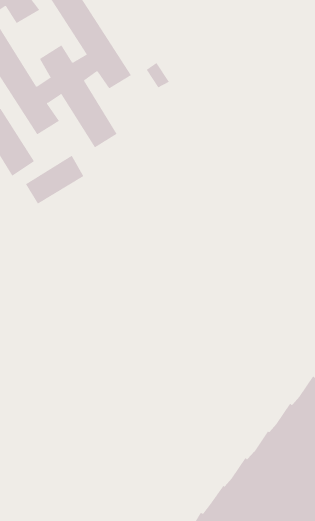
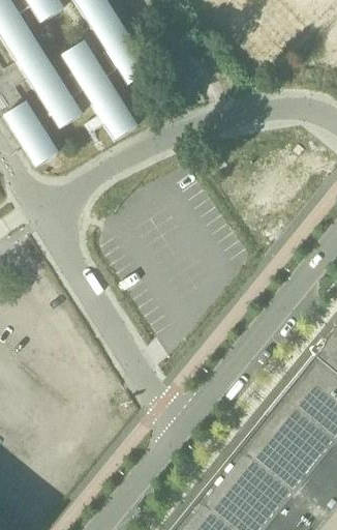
building: [25,155,84,204] -> none

